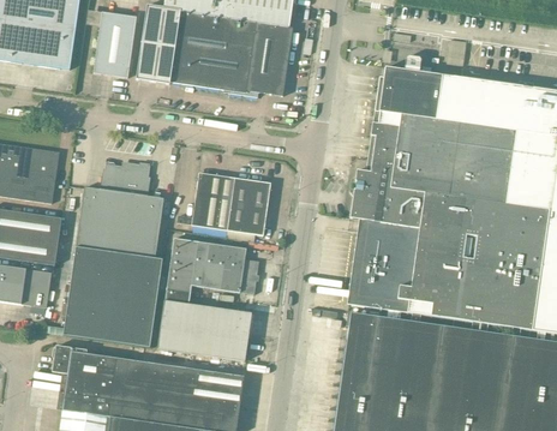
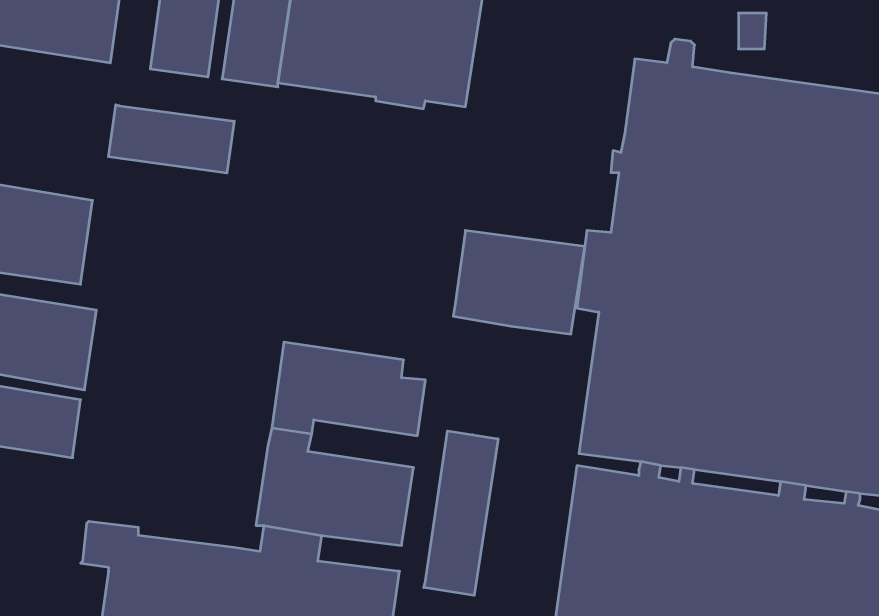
building: none -> [108,105,234,173]
building: [62,162,163,346] -> none
building: [192,172,271,234] -> [453,230,585,334]
building: none -> [424,431,498,595]

